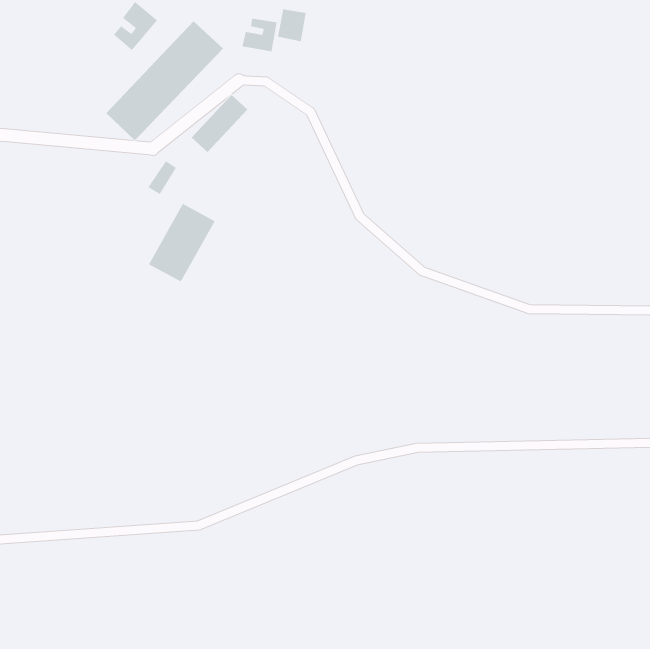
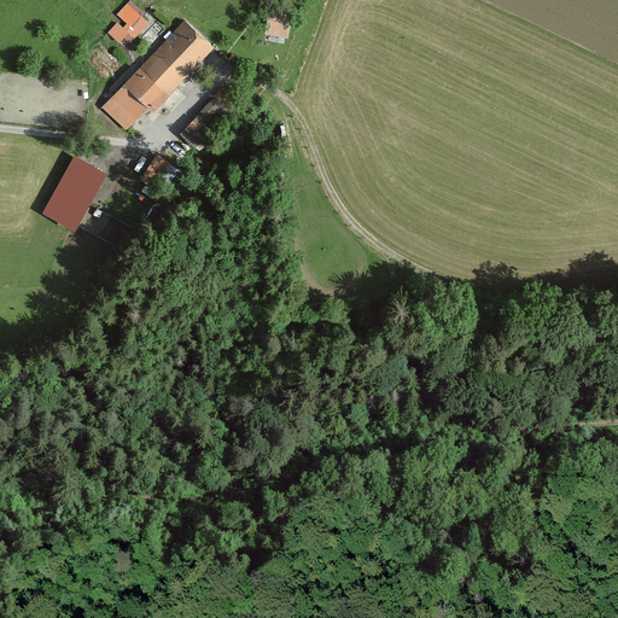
building: [242,18,277,52] -> none
building: [148,203,216,282] -> [42,152,106,227]

